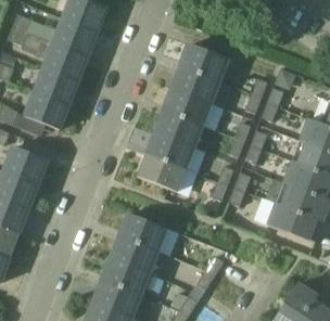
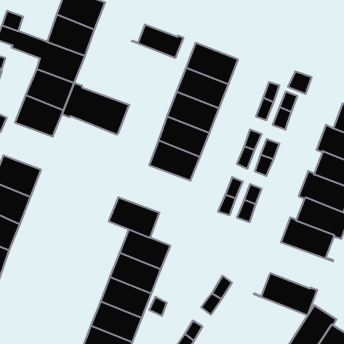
building: none -> [132,24,183,58]
building: none -> [62,83,130,135]
building: [138,154,185,191] -> [109,197,160,238]
building: none -> [254,273,317,316]

